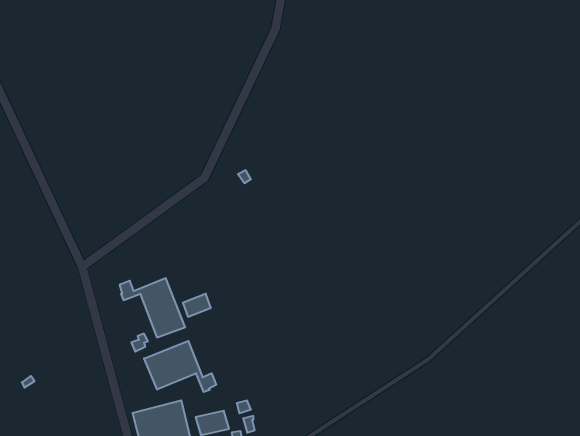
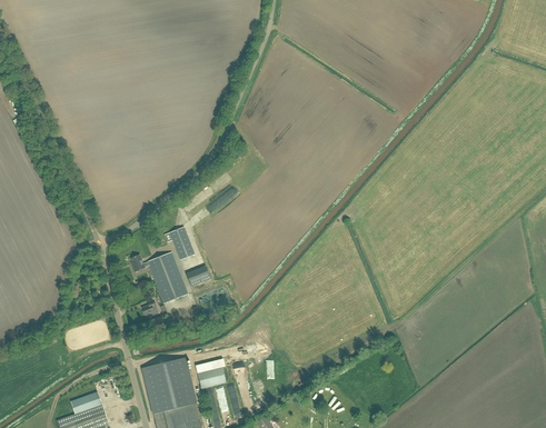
building: none -> [163,227,193,259]
building: [144,341,216,392] -> none

